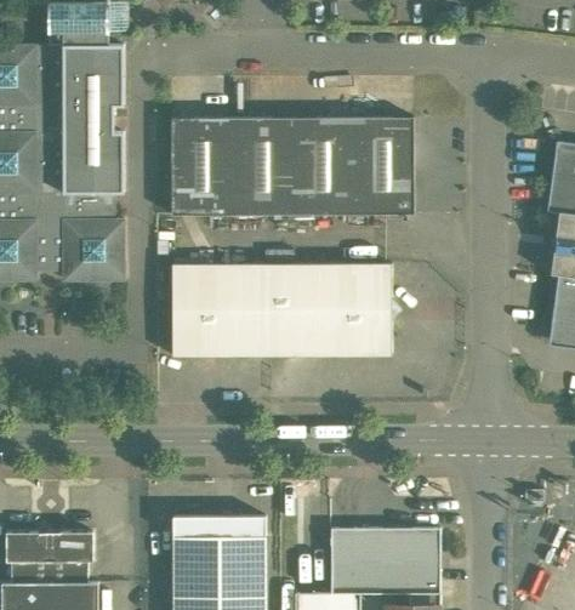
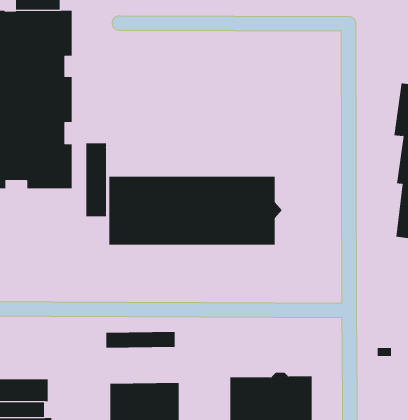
building: [172,118,415,215] -> none
building: none -> [86,143,106,217]
building: [173,515,266,537] -> [105,332,176,348]

